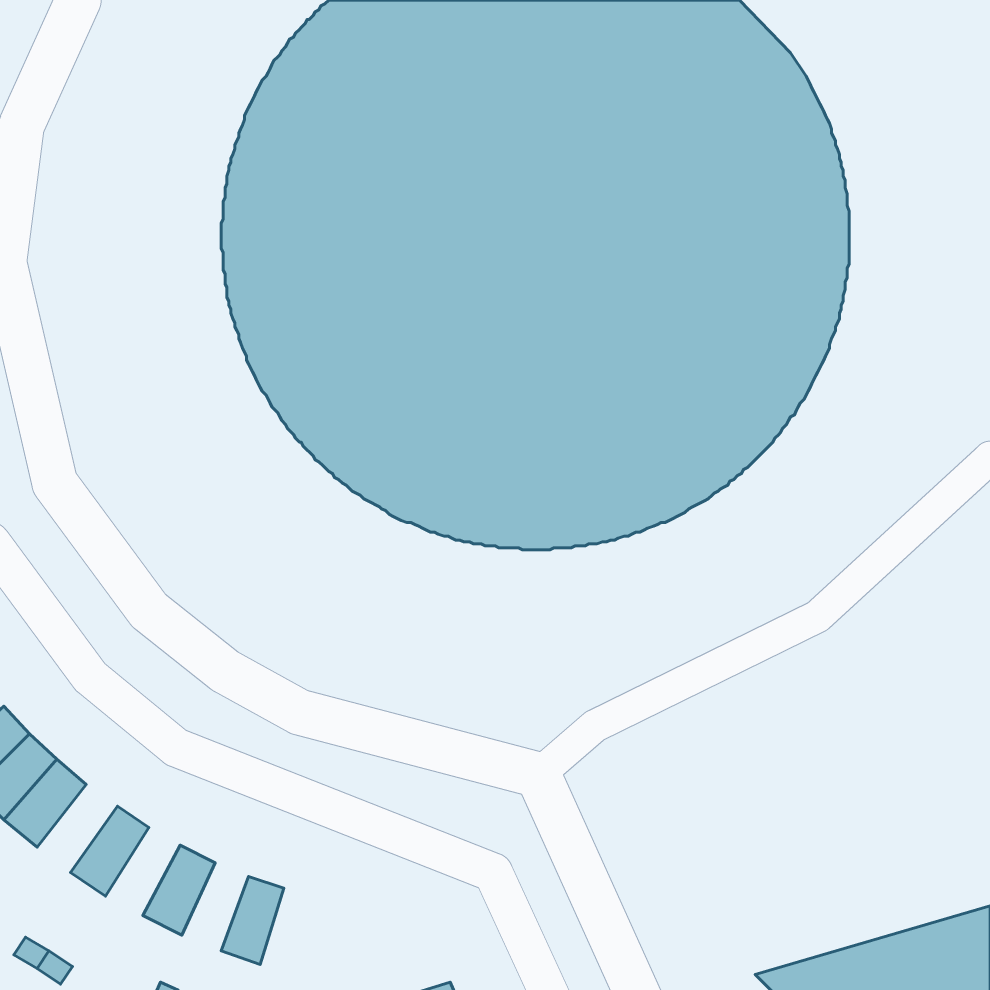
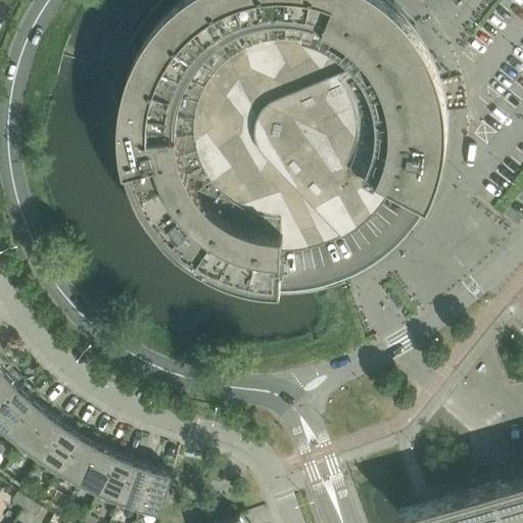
building: none -> [19,415,61,461]
building: none -> [55,437,94,483]
building: none -> [95,456,130,502]
building: none -> [136,469,169,515]

